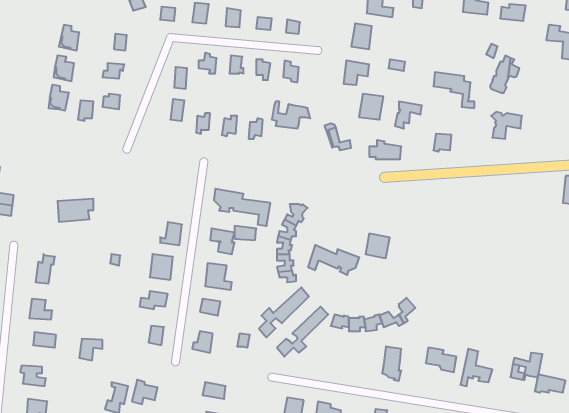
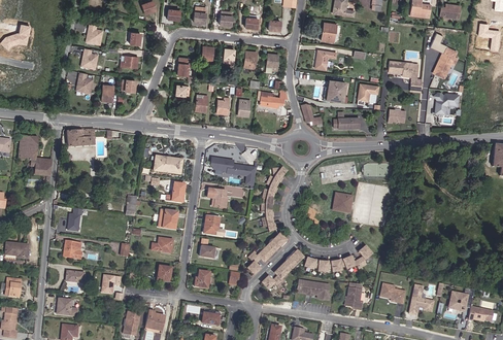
building: none -> [153,155,182,174]
building: [57,199,93,222] -> [66,130,95,148]
building: [308,245,359,275] -> none
building: none -> [297,279,330,300]

